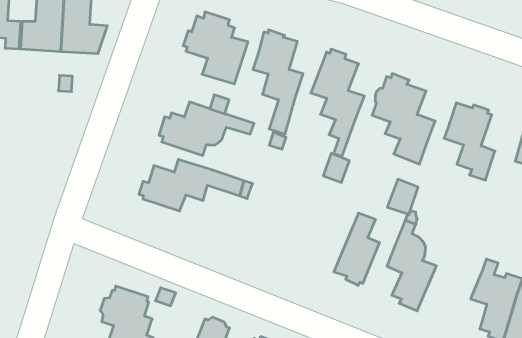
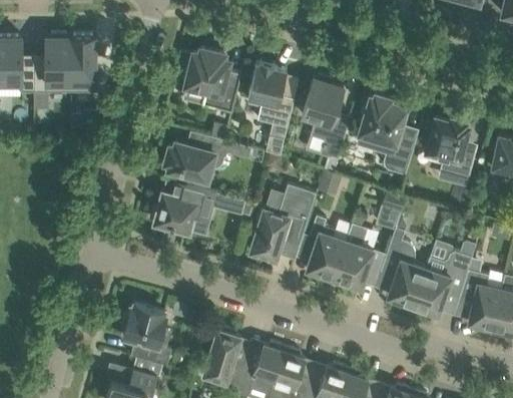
building: none -> [250,185,316,261]
building: none -> [306,217,346,280]
building: none -> [411,243,476,316]

